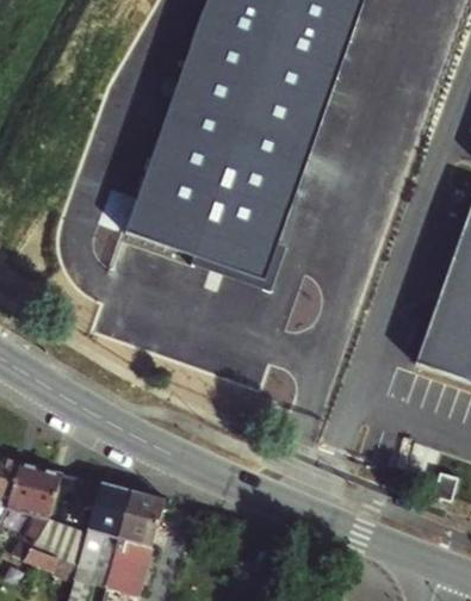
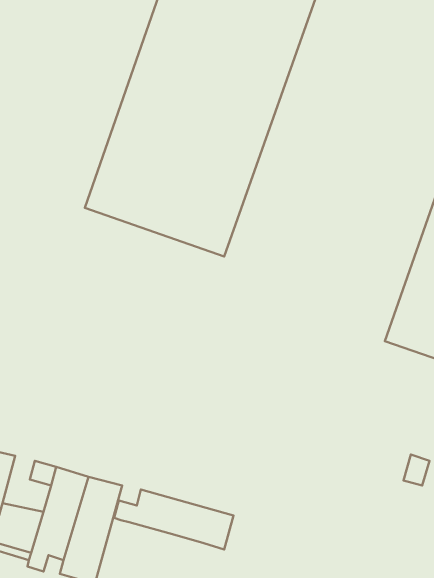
building: none -> [114,490,233,549]

